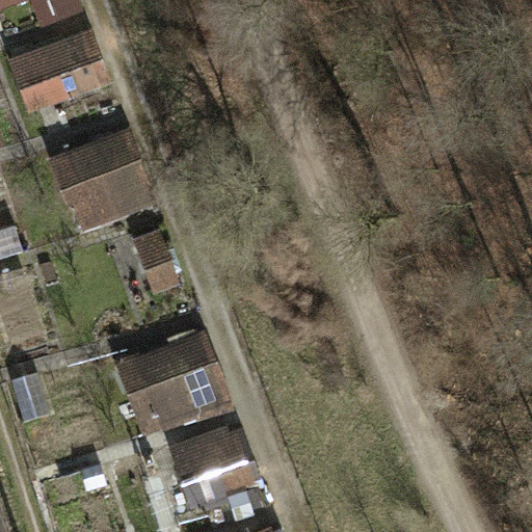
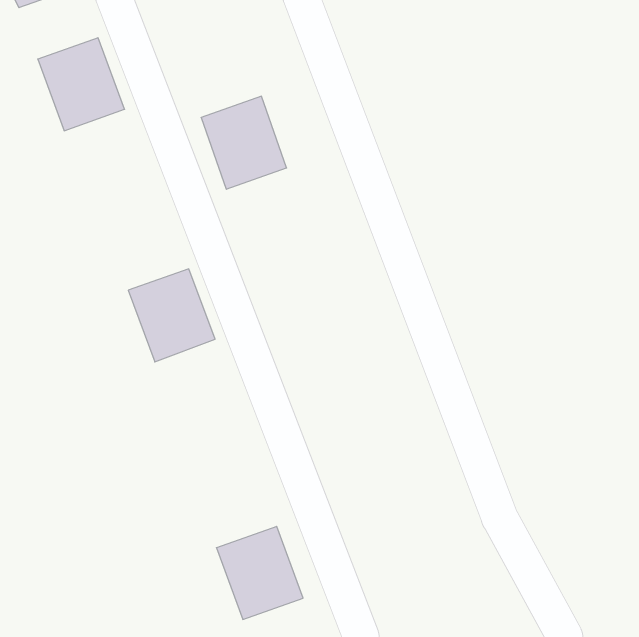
building: [72,130,142,207] -> [201,96,287,189]
building: [149,335,219,411] -> none

